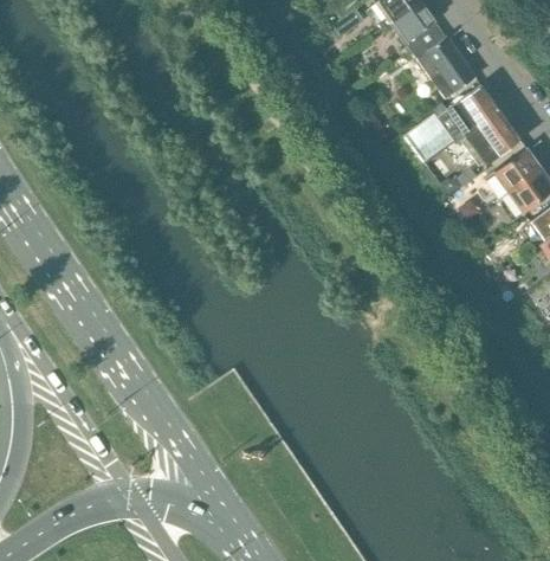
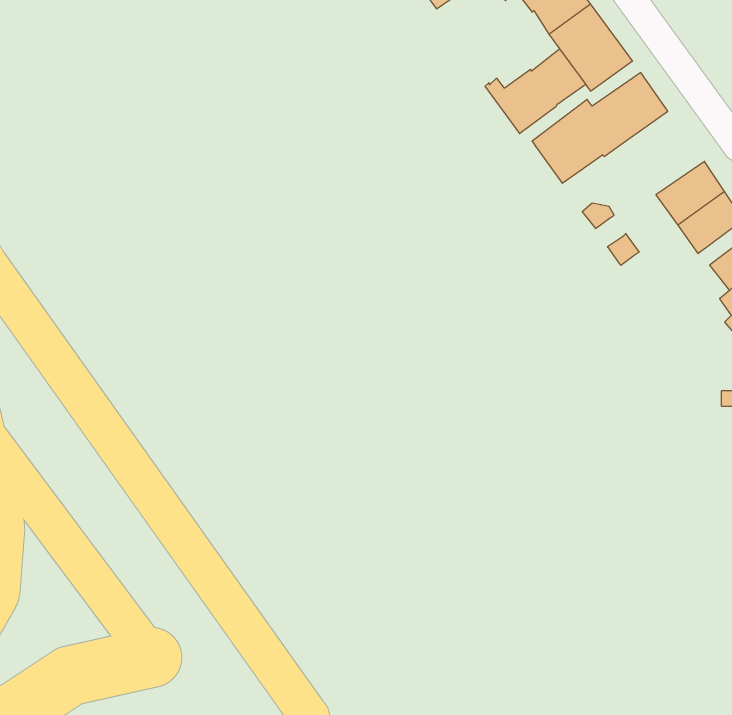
building: none -> [485,49,586,134]
building: [468,112,522,163] -> none

